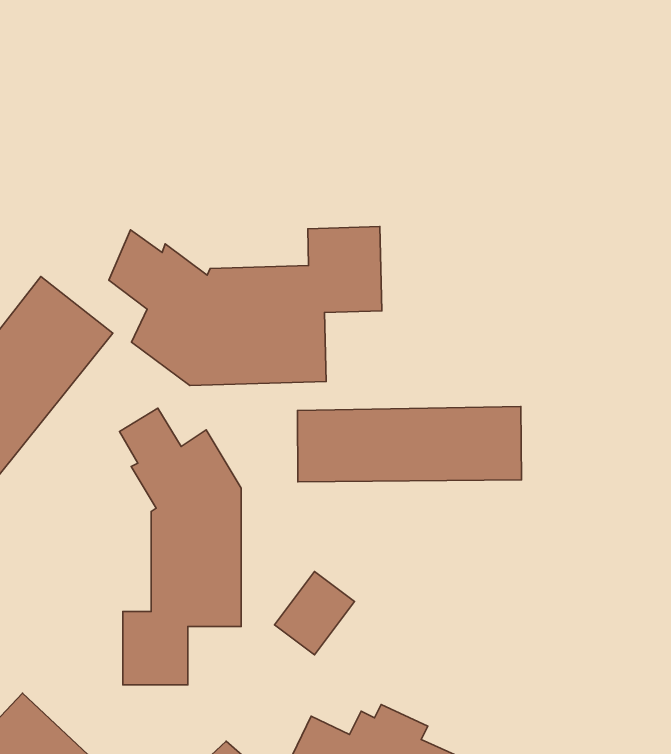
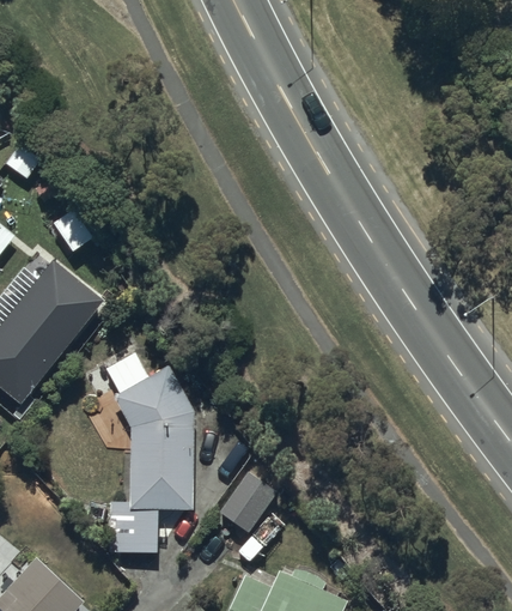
building: [109,227,382,386] -> none
building: [297,406,522,482] -> none

